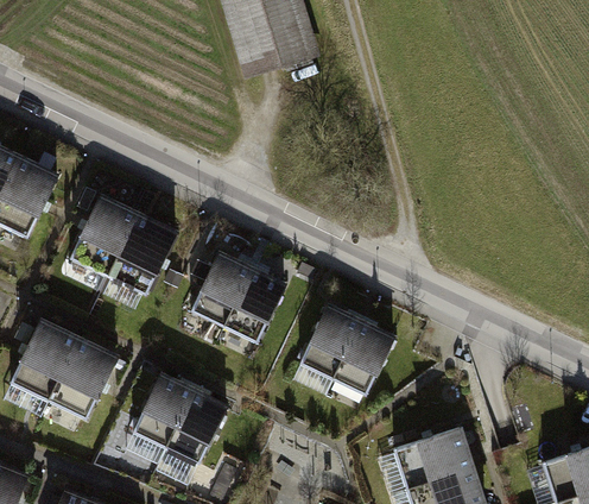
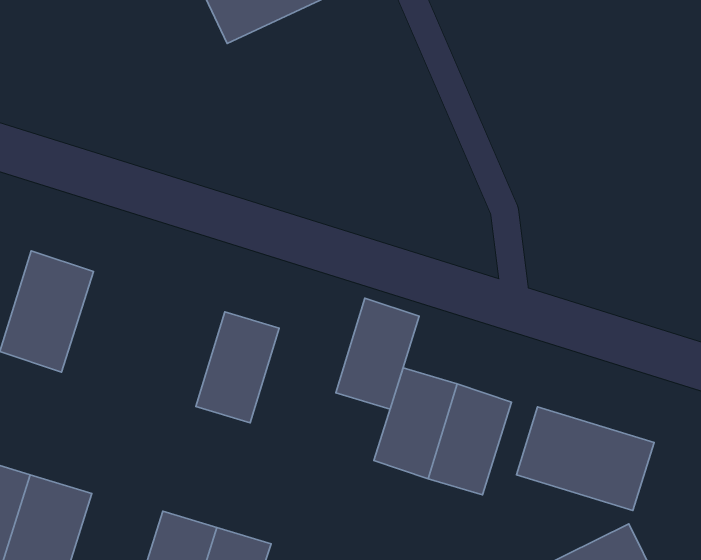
building: [108,215,176,295] -> none
building: [224,269,285,342] -> [336,298,419,409]
building: none -> [516,407,654,510]

